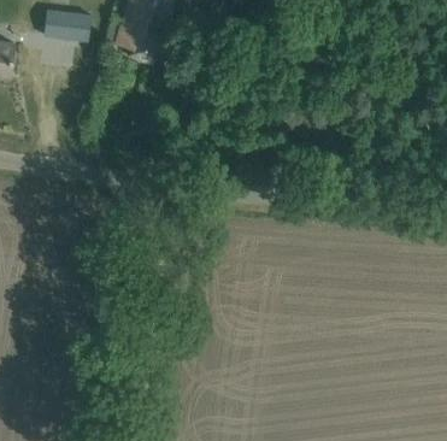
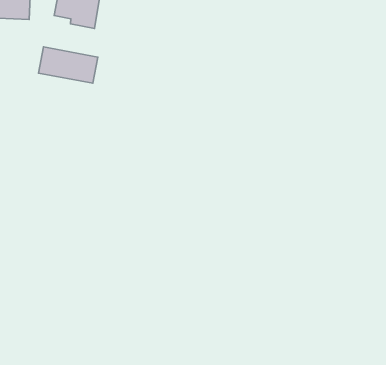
building: none -> [39,47,98,83]

